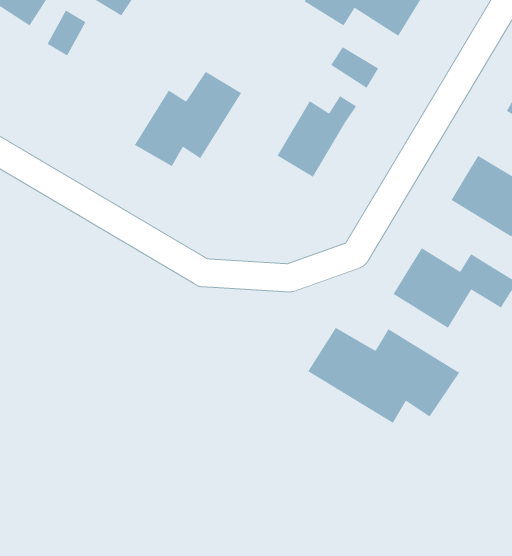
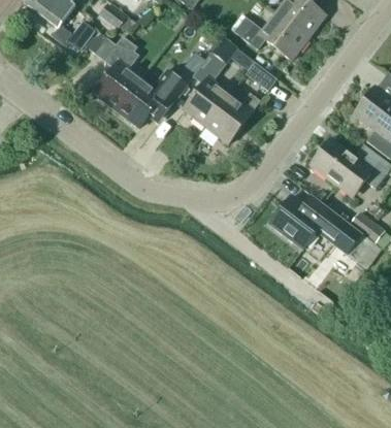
building: none -> [183,37,232,127]
building: none -> [85,34,141,110]
building: [307,327,460,424] -> none

